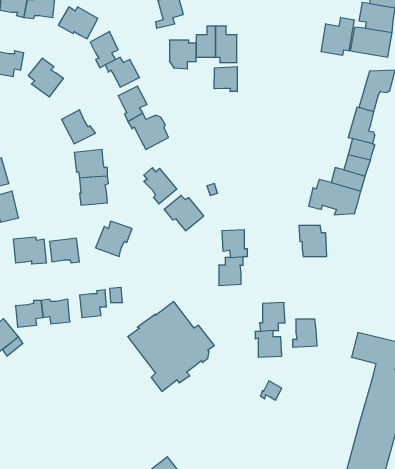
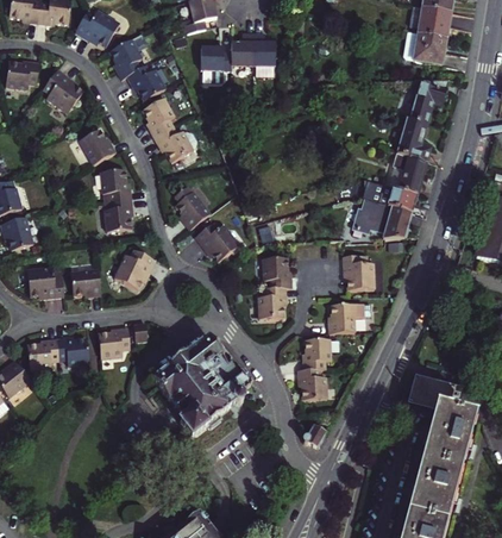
building: [321,17,354,55] -> none
building: [214,67,237,92] -> none
building: [293,319,317,347] -> [327,302,354,333]

